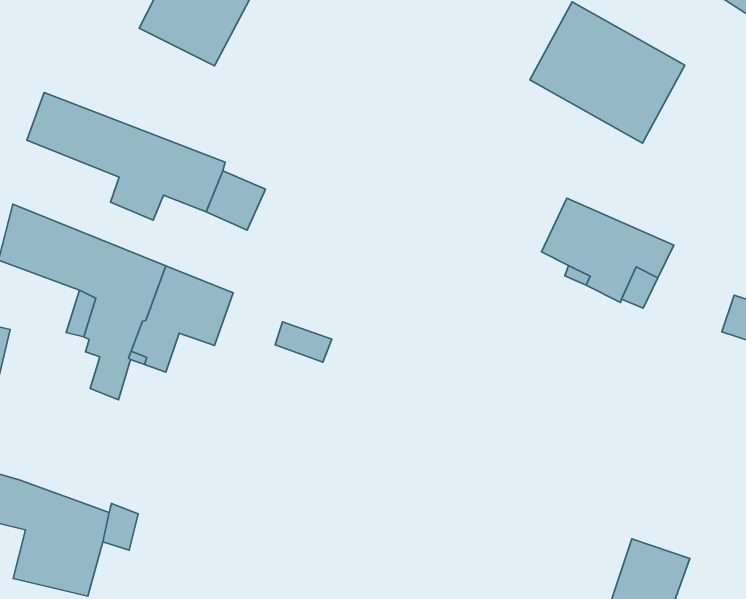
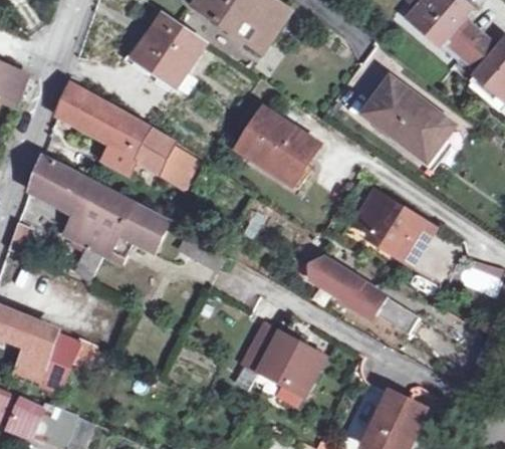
building: none -> [235,106,318,189]
building: none -> [310,257,418,332]
building: none -> [242,325,321,397]

